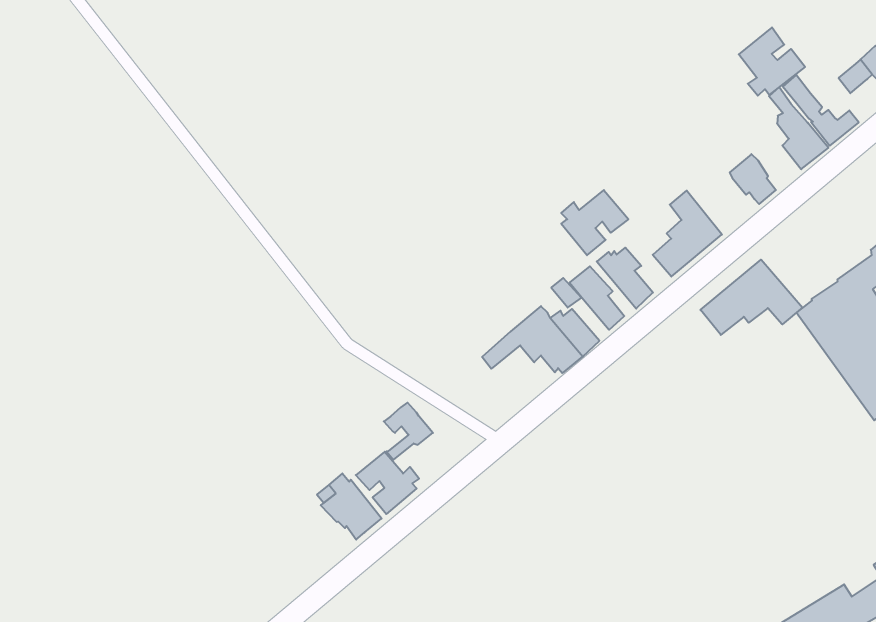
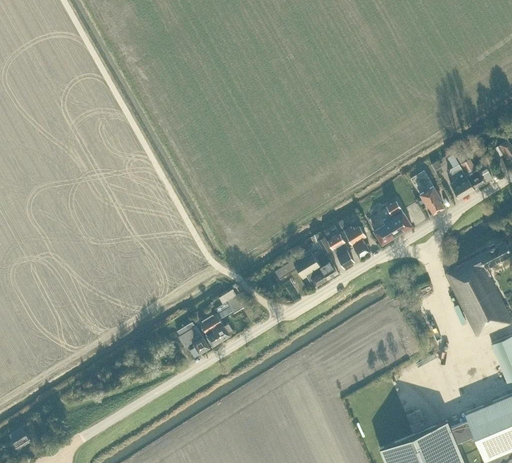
building: [739,27,805,96] -> none
building: [561,190,628,255] -> none
building: [700,260,802,335] -> none

